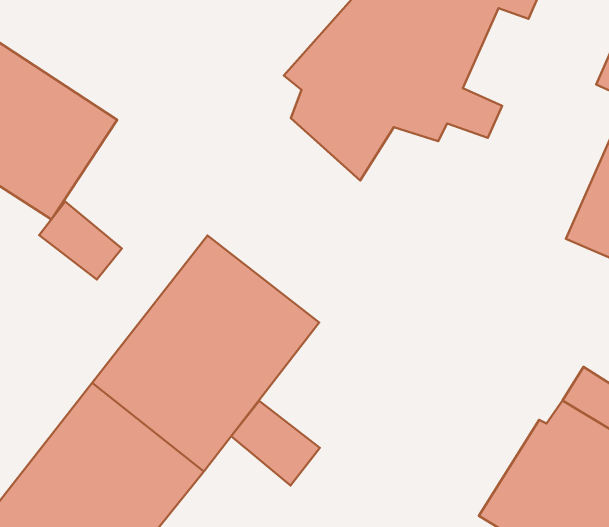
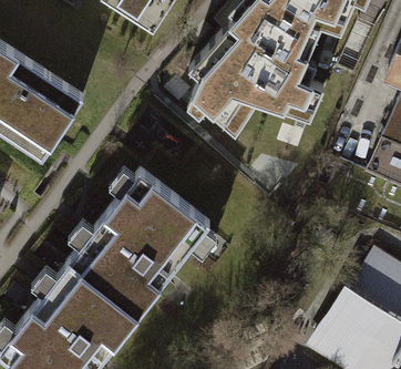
building: [39,202,122,280] -> none
building: [231,401,320,486] -> none

